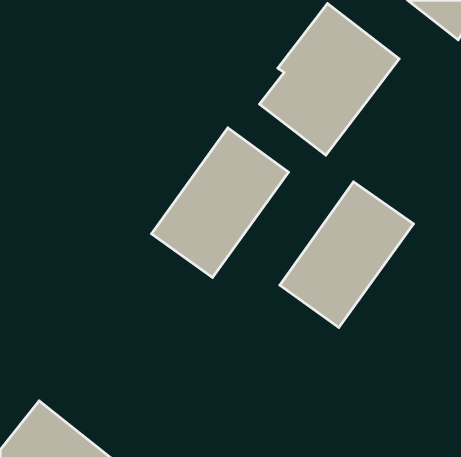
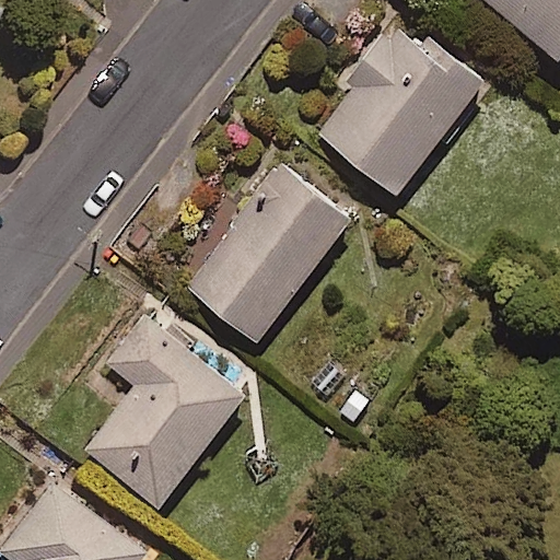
building: [280,182,413,327] -> none
building: none -> [88,317,244,506]

